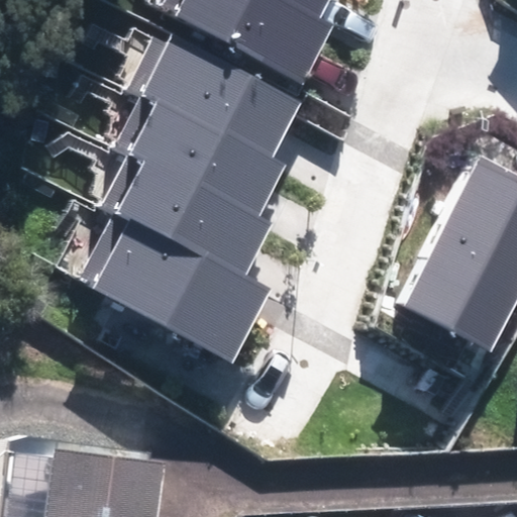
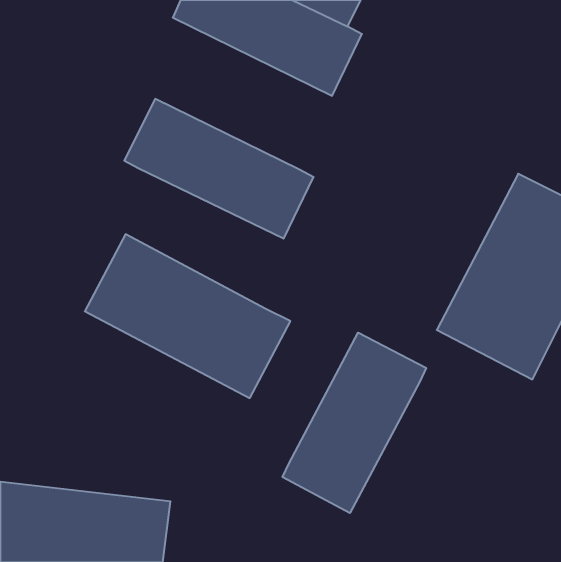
building: [129,28,303,156] -> none
building: [100,154,275,284] -> none
building: none -> [283,333,426,513]

